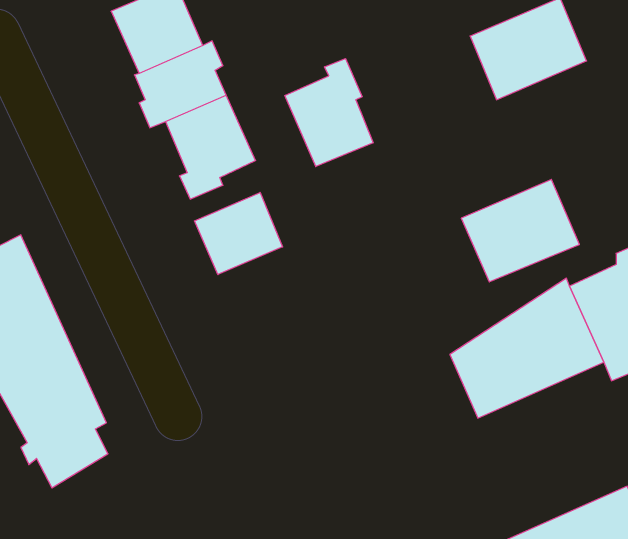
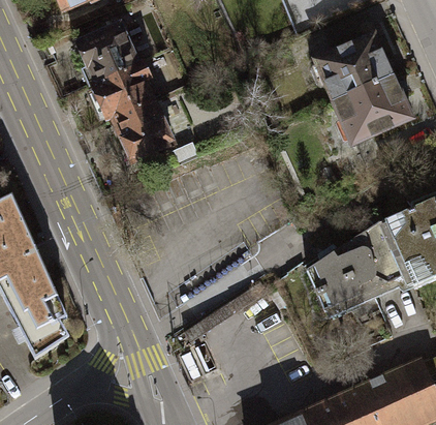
building: [285,59,373,167] -> none
building: [461,179,579,282] -> [333,77,411,145]
building: [194,192,283,275] -> none

